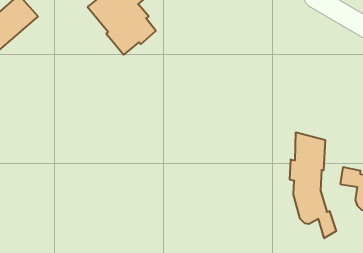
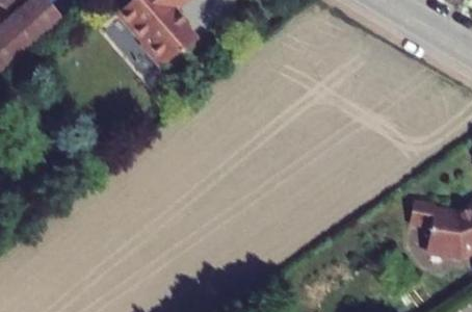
building: [290,132,336,238] -> none

